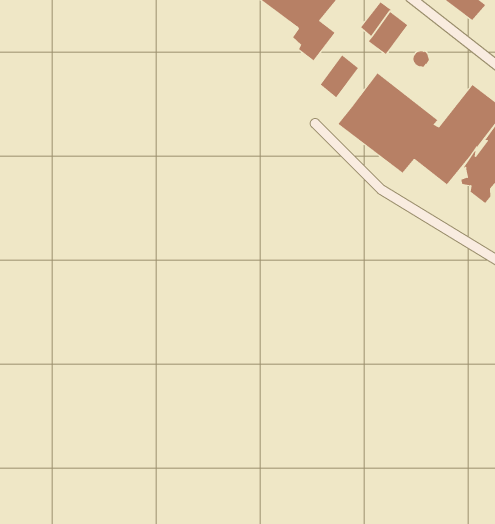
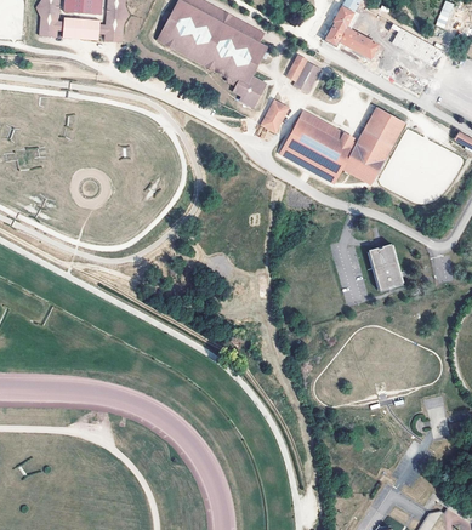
building: none -> [366,243,405,291]

